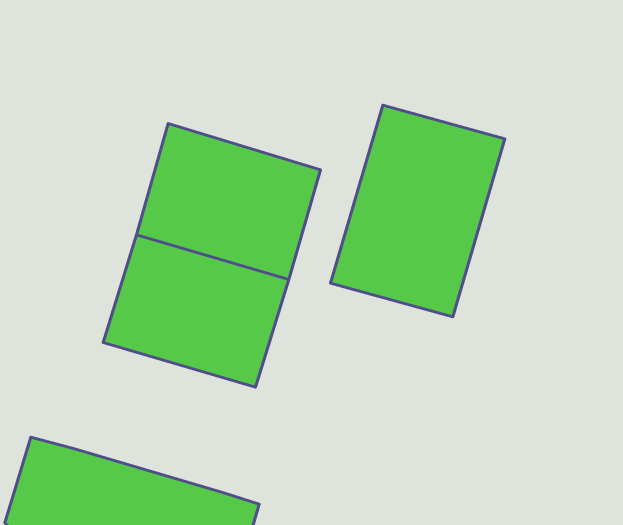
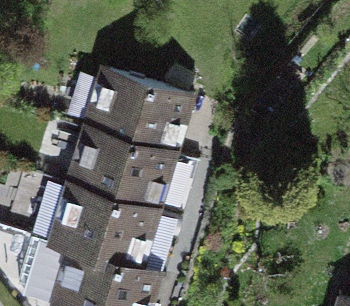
building: [331,105,505,317] -> none
building: none -> [52,187,150,268]

